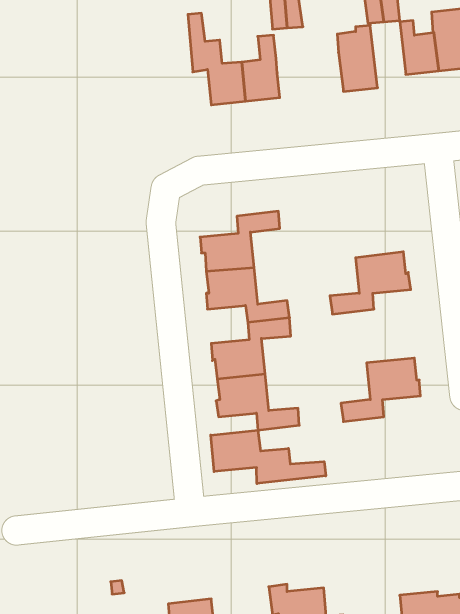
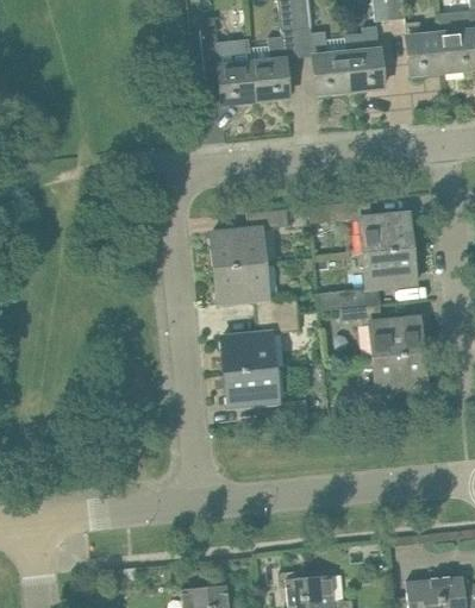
building: none -> [312,32,351,94]
building: none -> [330,201,411,253]
building: none -> [340,303,421,356]
building: [211,430,326,484] -> none

